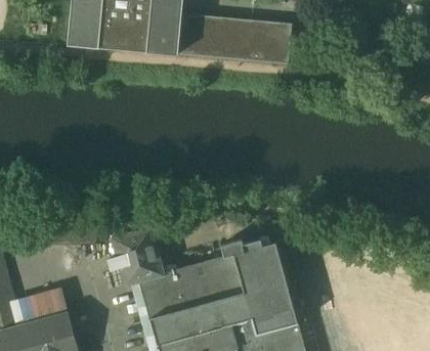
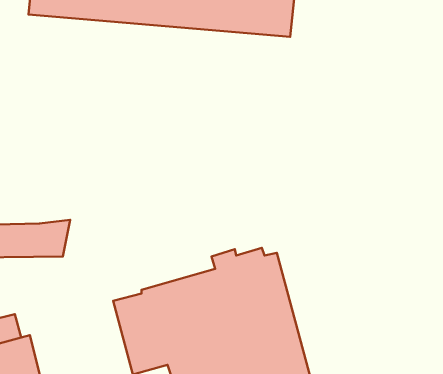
building: [115,231,163,288] -> none

